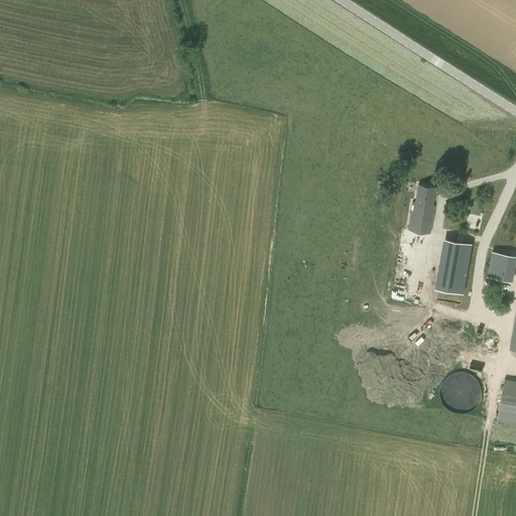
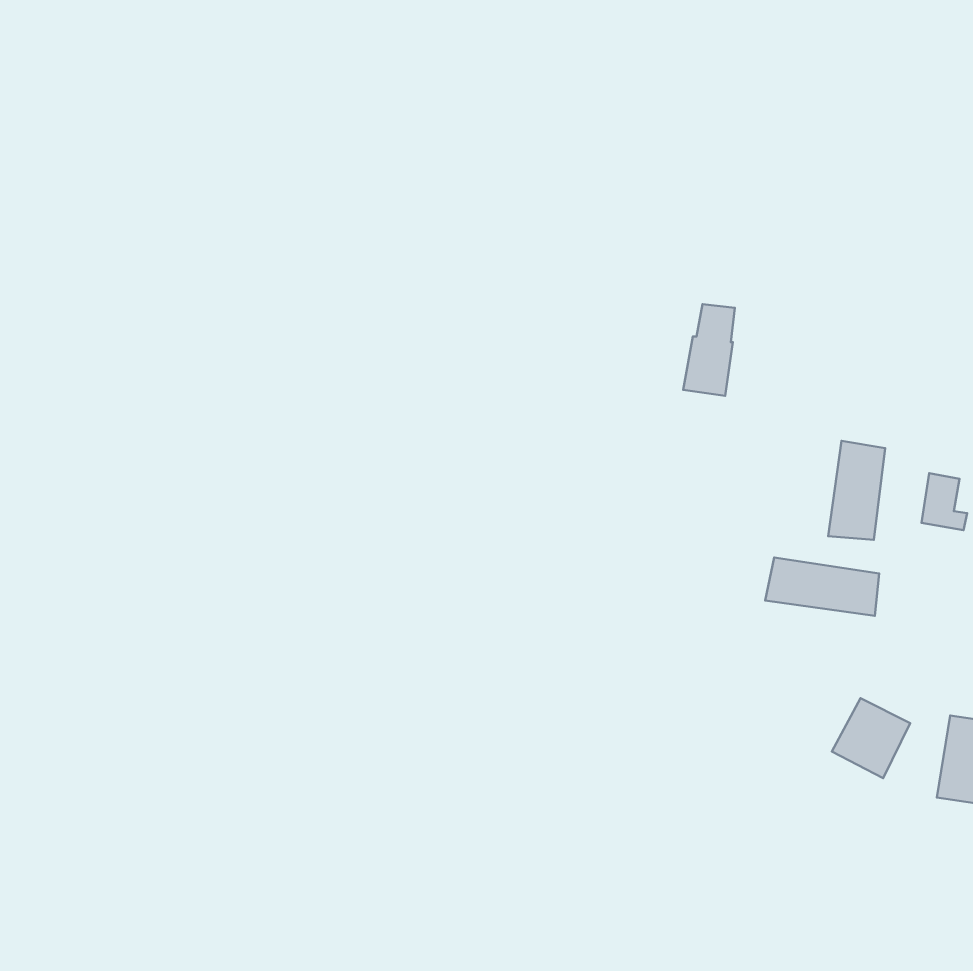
building: [409,186,436,235] -> [683,304,735,396]
building: none -> [765,557,879,616]

